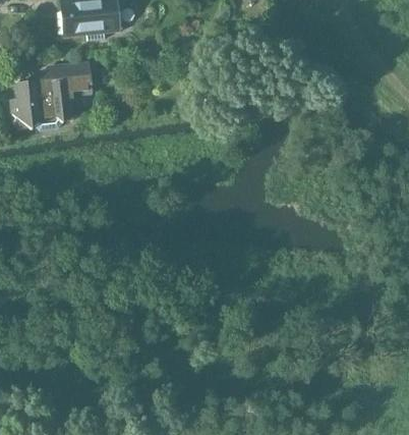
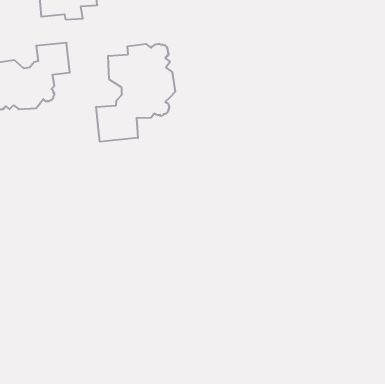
building: none -> [96,44,175,142]

